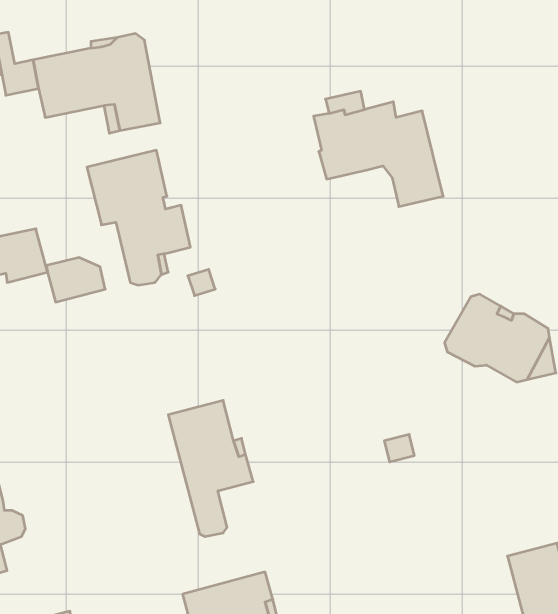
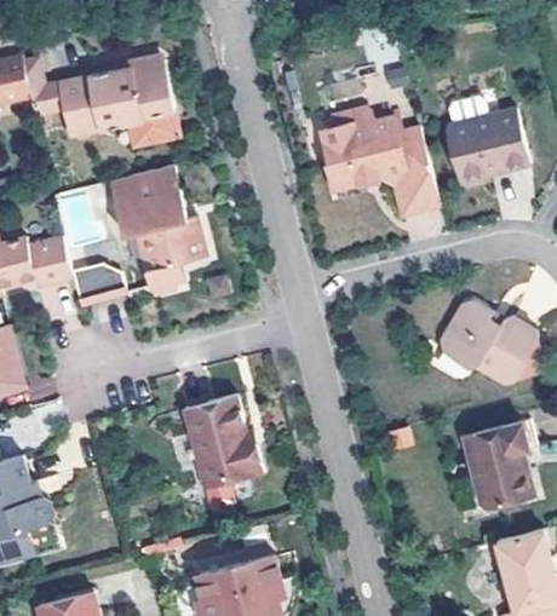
building: none -> [447,106,528,184]
building: none -> [463,419,535,506]

